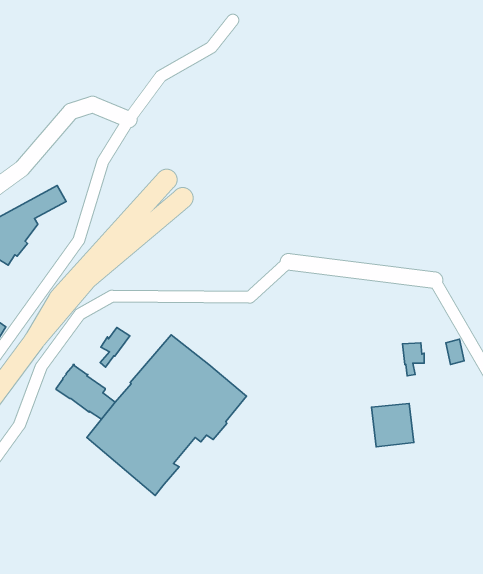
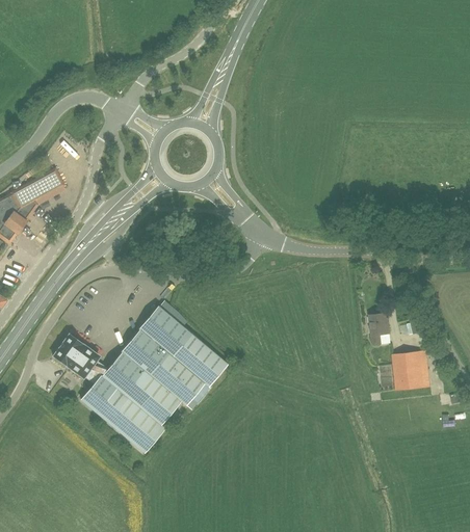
building: [100,327,130,367] -> none
building: [372,404,414,447] -> [392,350,430,390]

